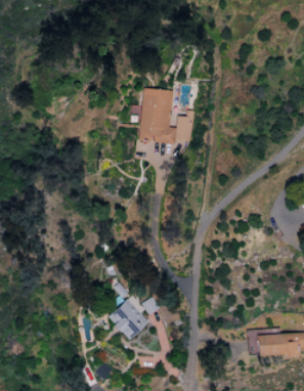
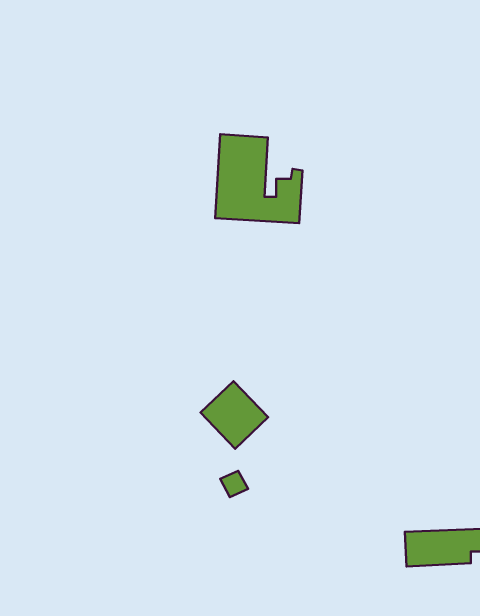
building: [106,298,148,340] -> [201,381,268,449]

